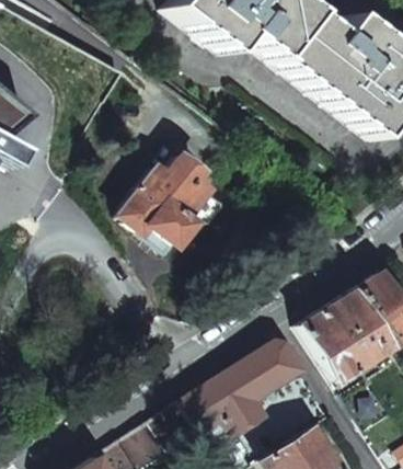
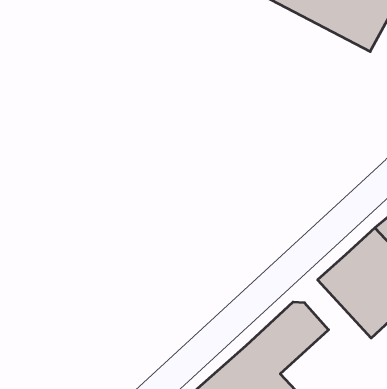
building: [123,152,224,249] -> none

